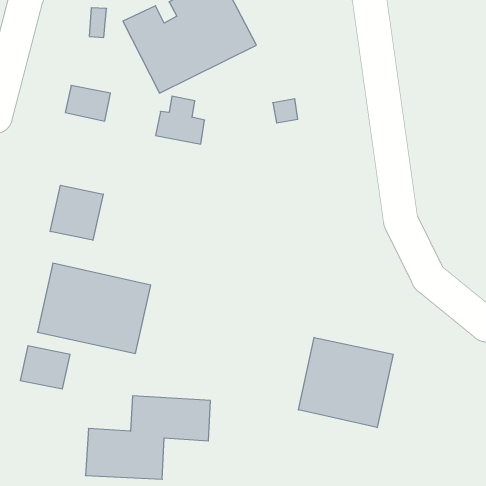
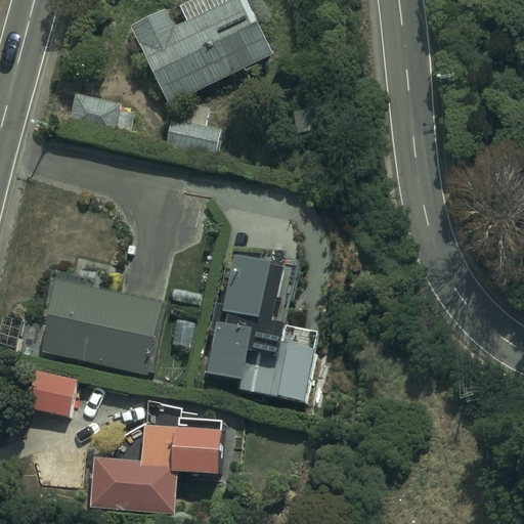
building: [50,185,103,240] -> none
building: none -> [209,261,313,404]
building: [298,337,393,428] -> none

